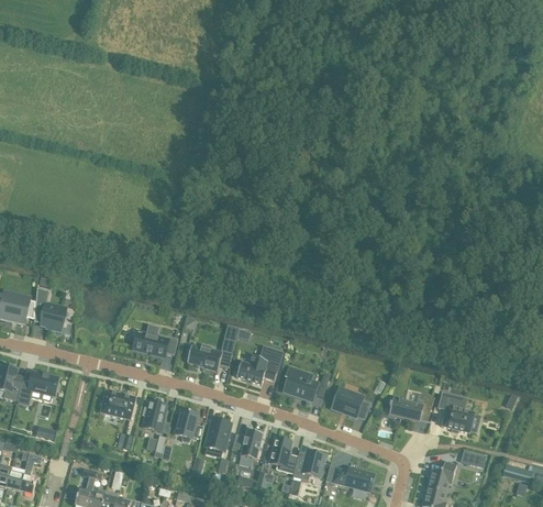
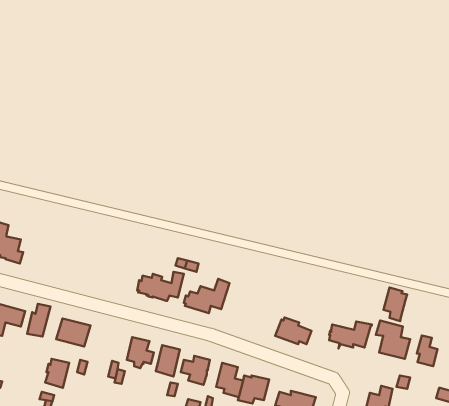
building: [132,323,177,355] -> none
building: none -> [384,288,407,321]
building: [282,371,330,400] -> none
building: none -> [27,304,50,337]
building: [141,400,166,431] -> [45,359,69,388]
building: none -> [417,336,438,366]

